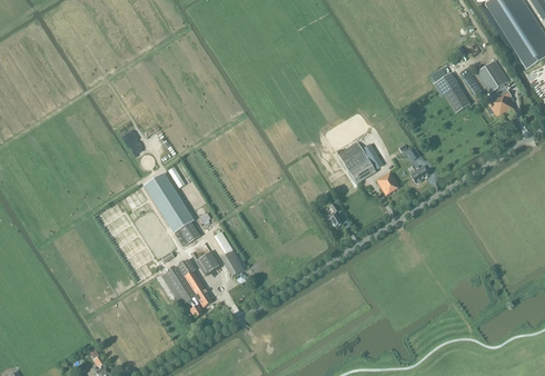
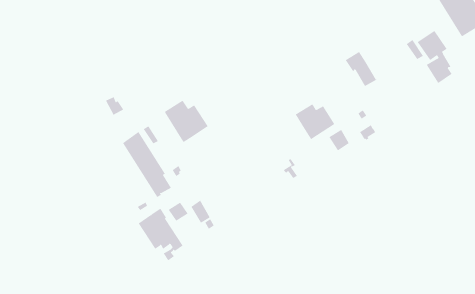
building: [434,72,470,112] -> [345,51,378,87]
building: none -> [164,100,209,143]

